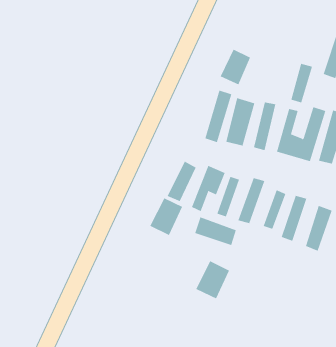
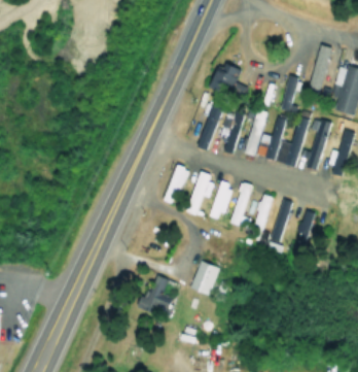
building: [150,198,183,236] -> none
building: [194,217,237,246] -> none
building: none -> [143,273,174,313]

